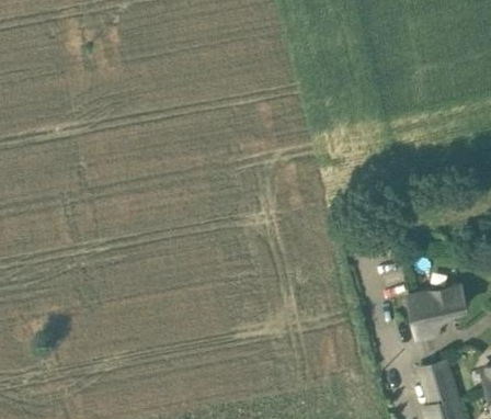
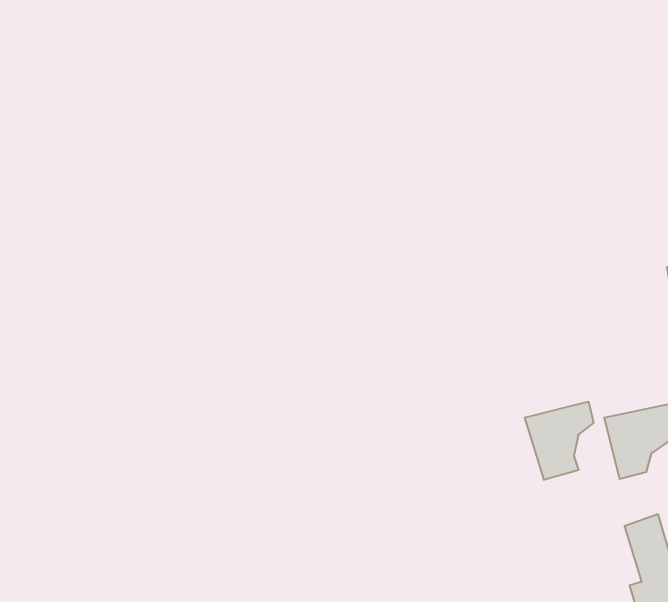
building: none -> [525,402,594,480]

